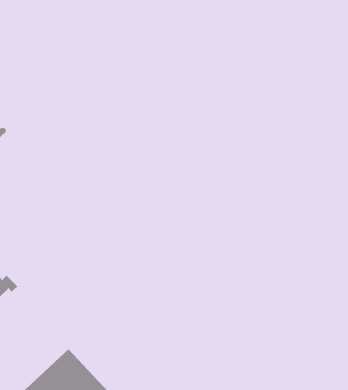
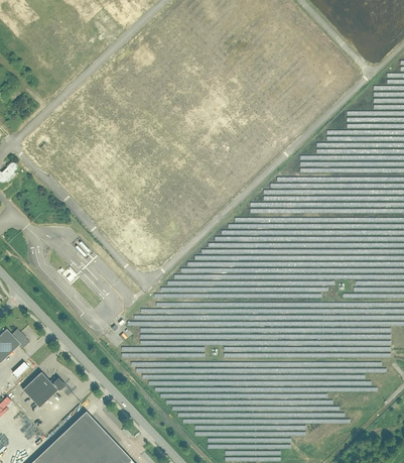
building: none -> [22,372,65,408]

